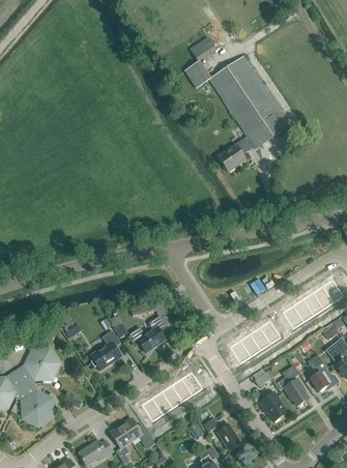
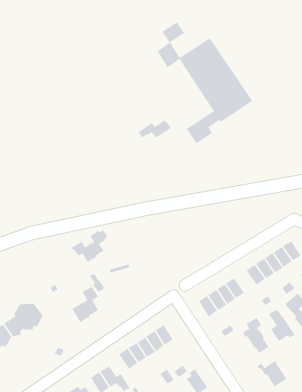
building: none -> [137,119,172,139]
building: [127,315,169,352] -> [71,229,108,263]
building: [18,384,53,426] -> none
building: [254,391,288,421] -> [256,360,287,387]

